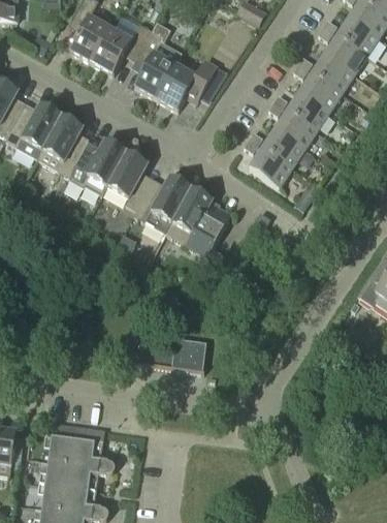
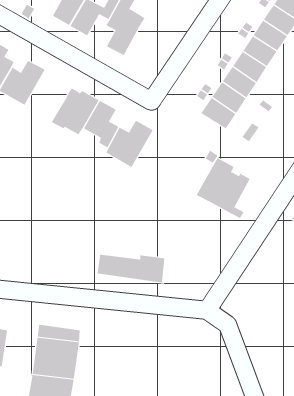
building: [157,59,227,110] -> none
building: [37,114,90,176] -> none
building: [166,187,232,262] -> [196,157,251,219]

